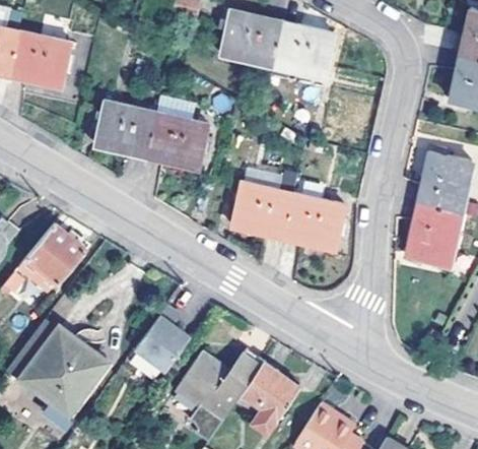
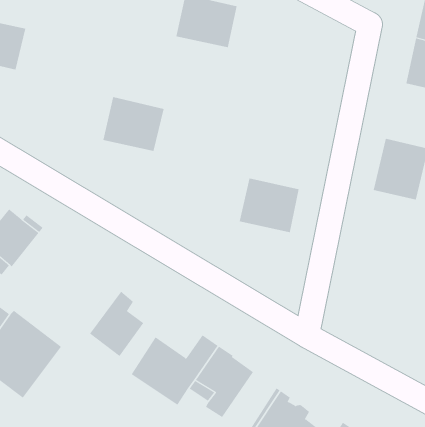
building: [273,21,337,76] -> none
building: [93,100,157,155] -> none
building: [231,181,293,237] -> none
building: [406,205,461,266] -> none

